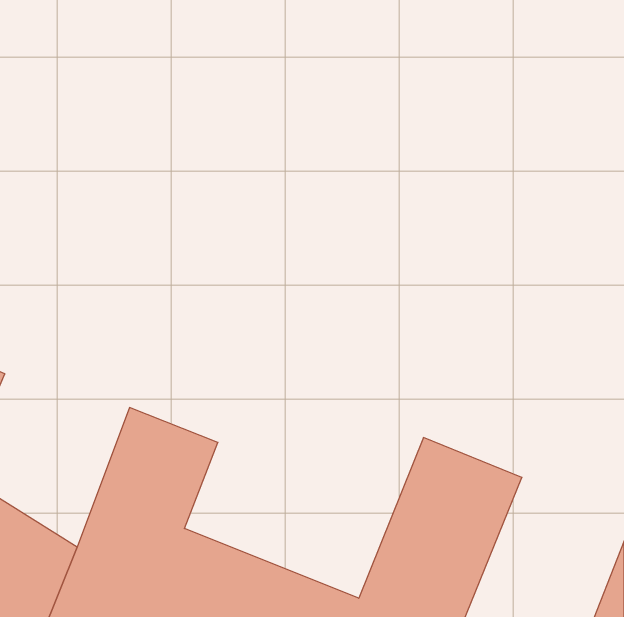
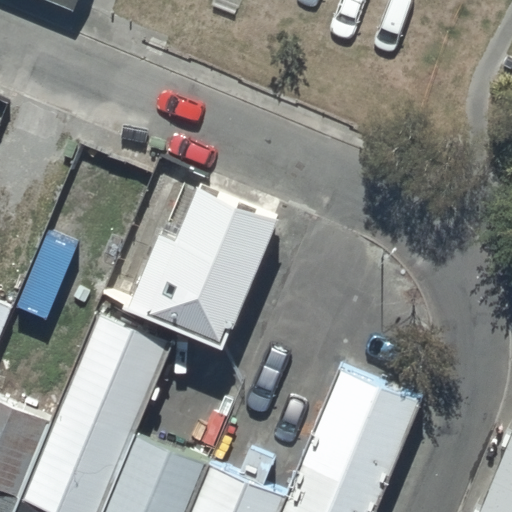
building: none -> [124,180,272,340]

